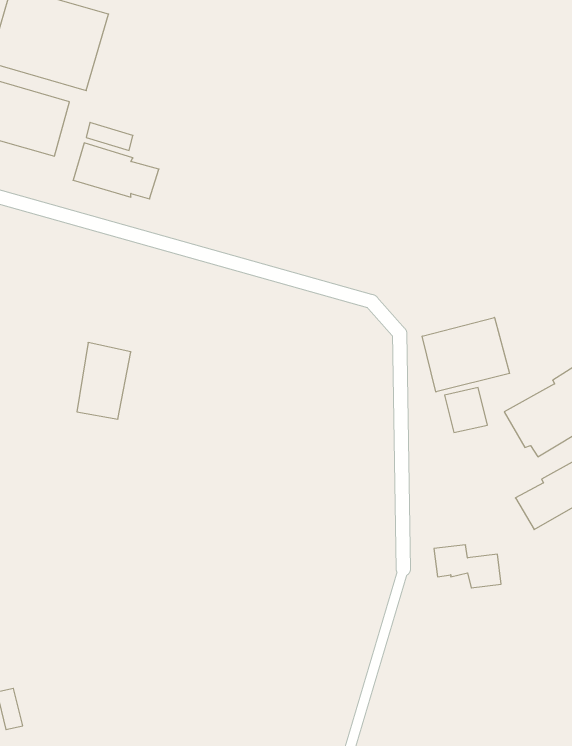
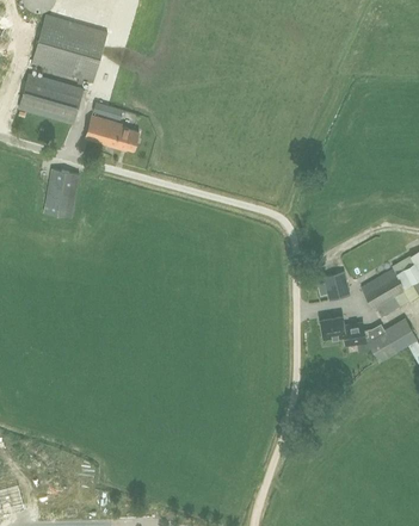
building: [422,317,510,392] -> none
building: [77,343,131,419] -> [44,168,79,217]
building: [434,545,501,588] -> [322,317,365,345]

